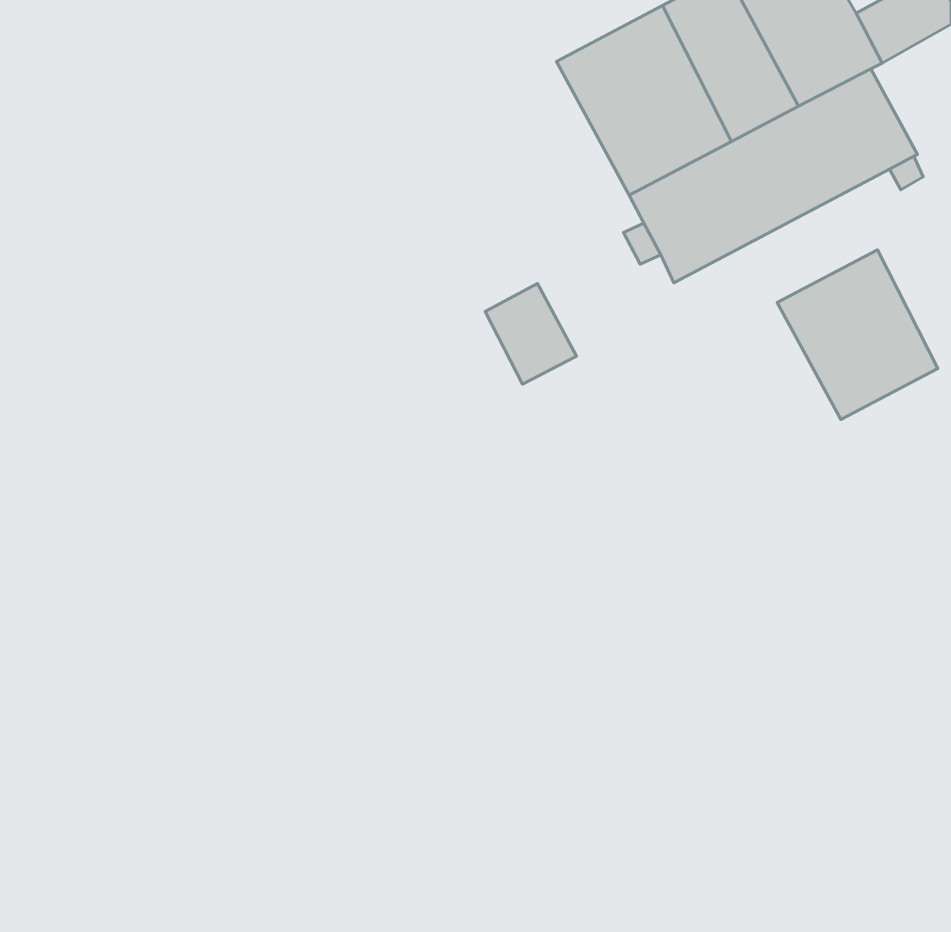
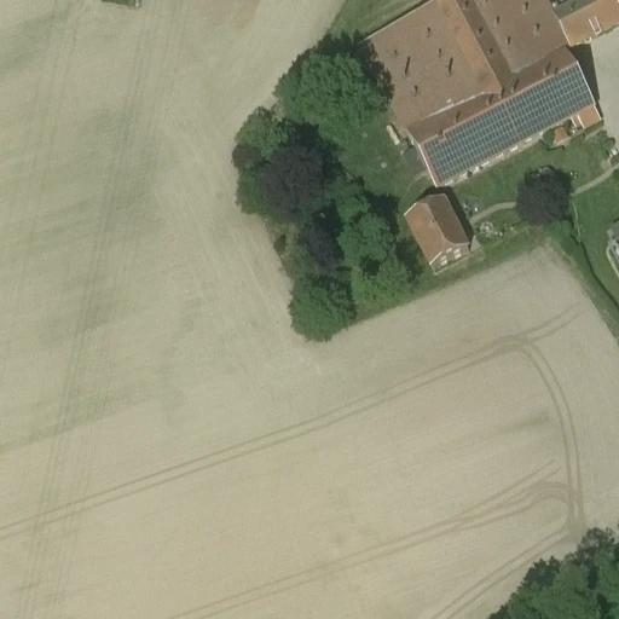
building: [777,250,938,419] -> none
building: [485,284,576,384] -> [410,197,469,262]

